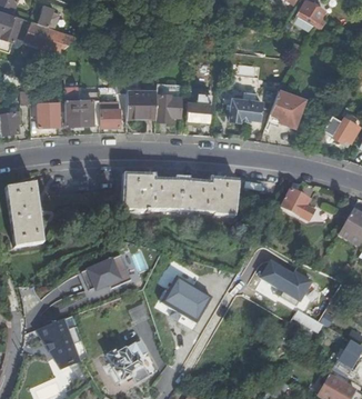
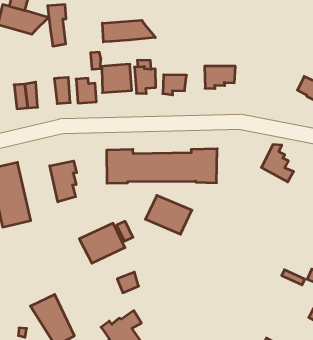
building: none -> [102,20,155,42]
building: [64,84,82,126] -> [48,5,66,46]
building: [270,89,306,127] -> none
building: none -> [50,161,77,202]
building: [253,262,309,302] -> none
building: [162,280,210,321] -> [145,195,192,234]

